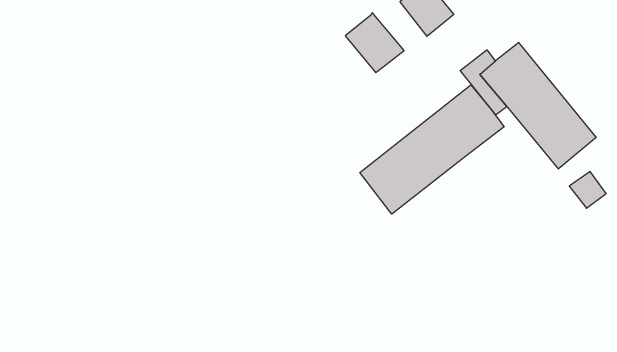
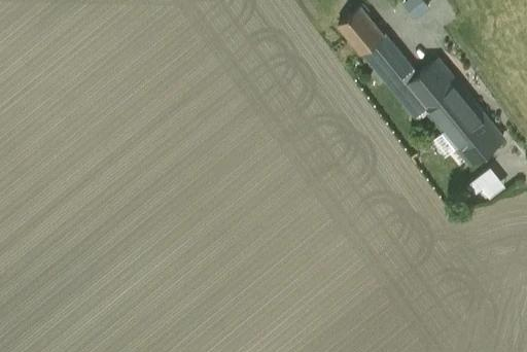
building: [345,13,404,73] -> [361,34,411,84]
building: [360,85,504,214] -> none

